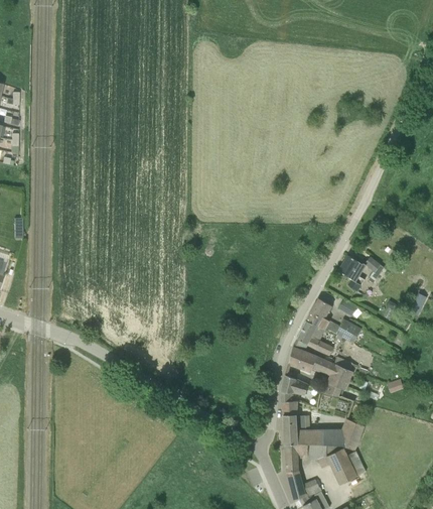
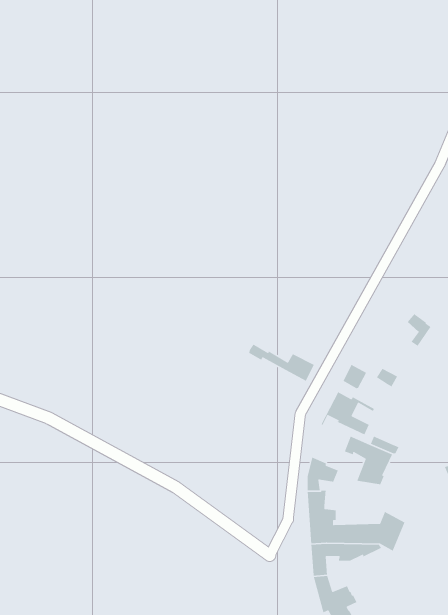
building: [338,254,367,290] -> none
building: [307,311,362,343] -> [248,343,315,382]
building: [288,347,317,372] -> none
building: [317,448,366,484] -> none

